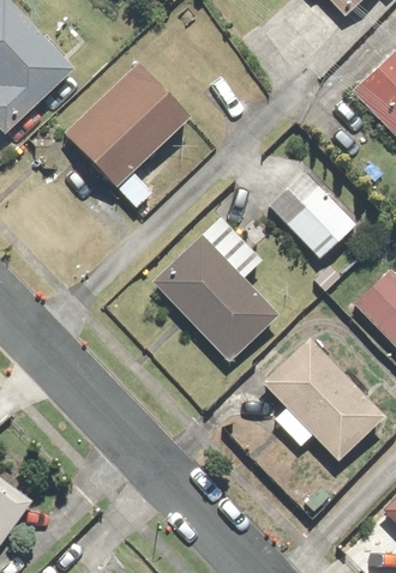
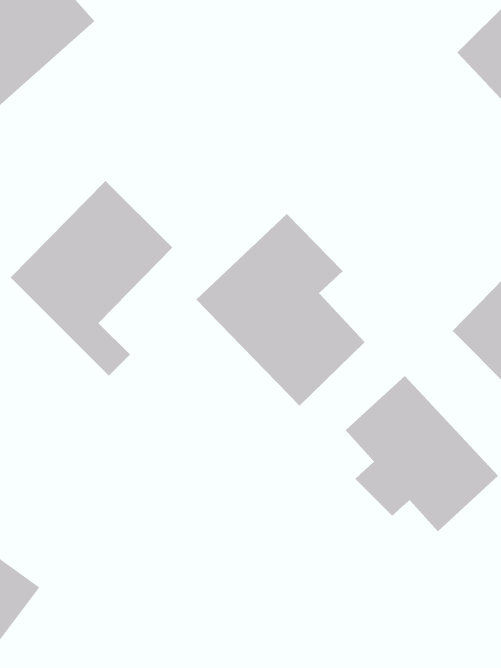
building: [67,60,192,210] -> [10,180,173,377]
building: [270,174,358,261] -> none

